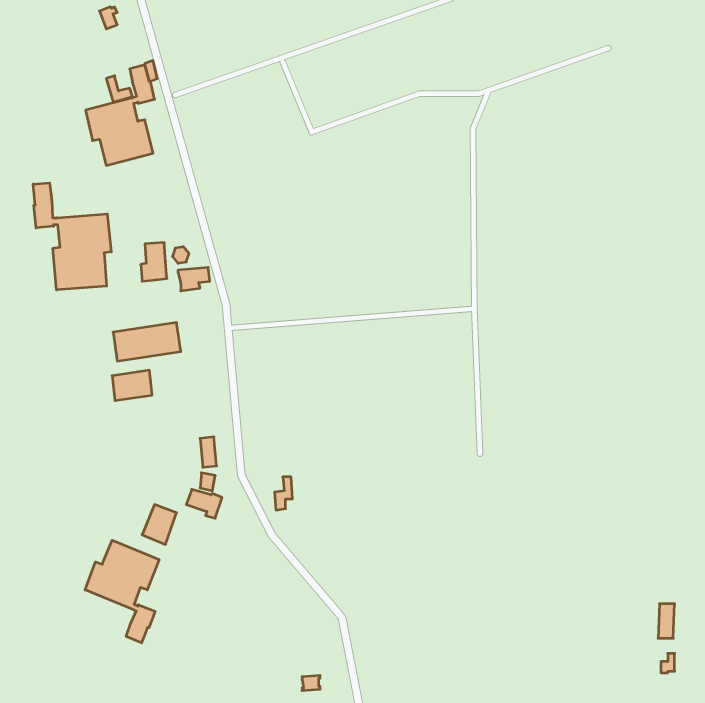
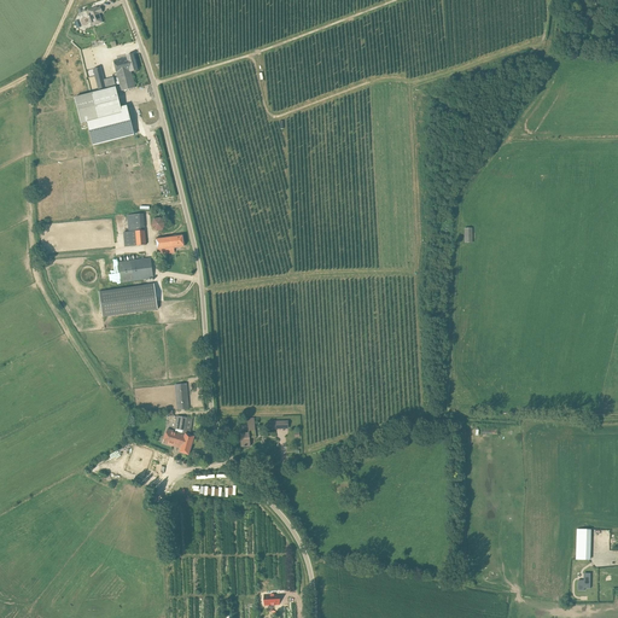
building: [33,183,111,290] -> none
building: [112,370,152,401] -> [118,256,153,282]
building: [85,540,159,643] -> none

